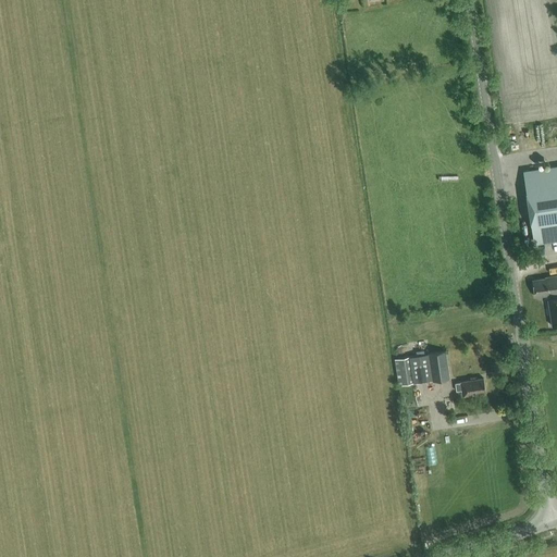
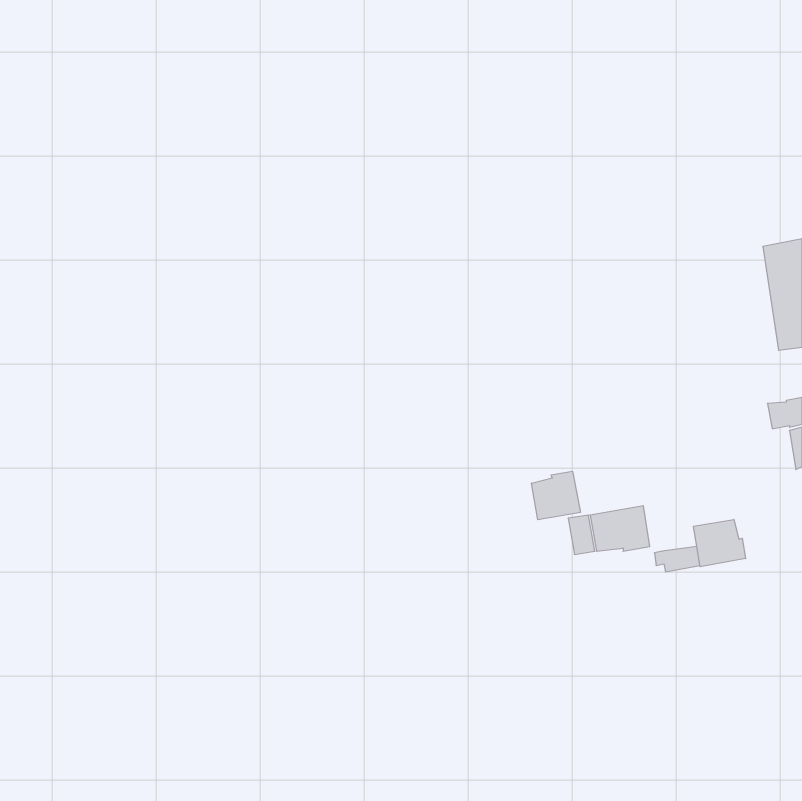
building: none -> [531,471,580,520]
building: none -> [694,519,746,567]

